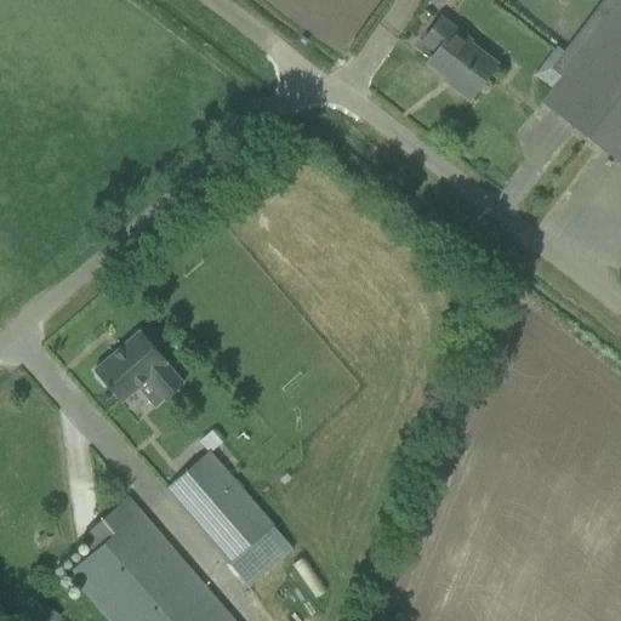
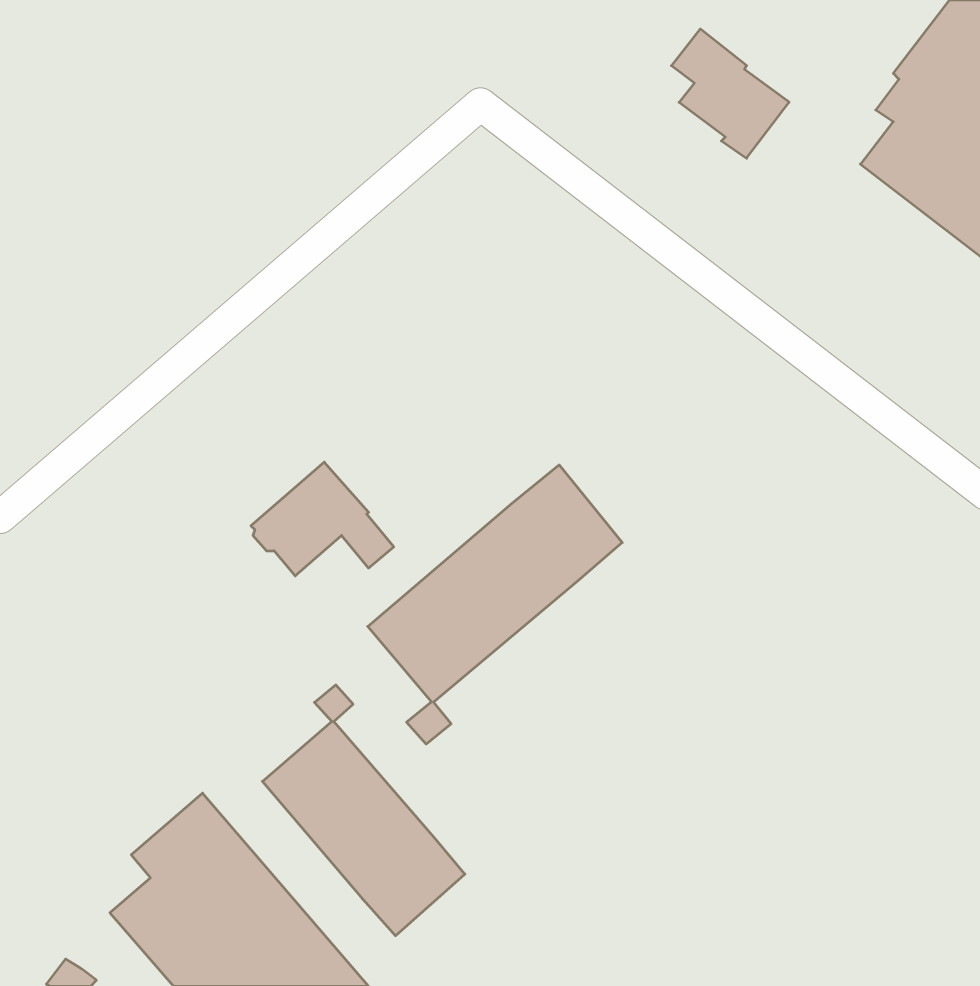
building: none -> [368,465,622,744]
building: [97,331,187,403] -> [251,462,394,576]

